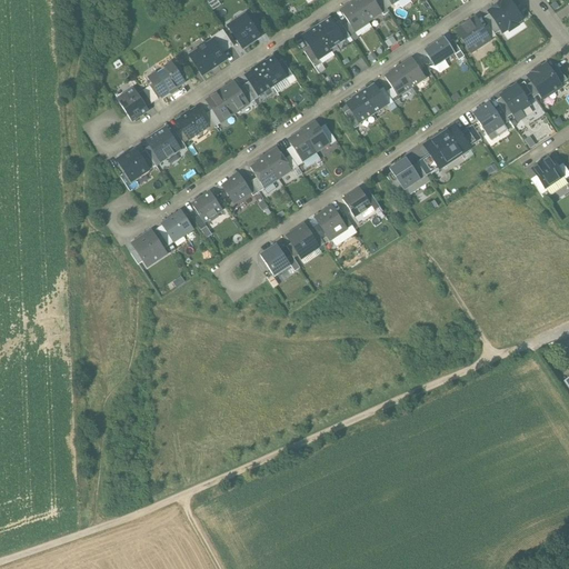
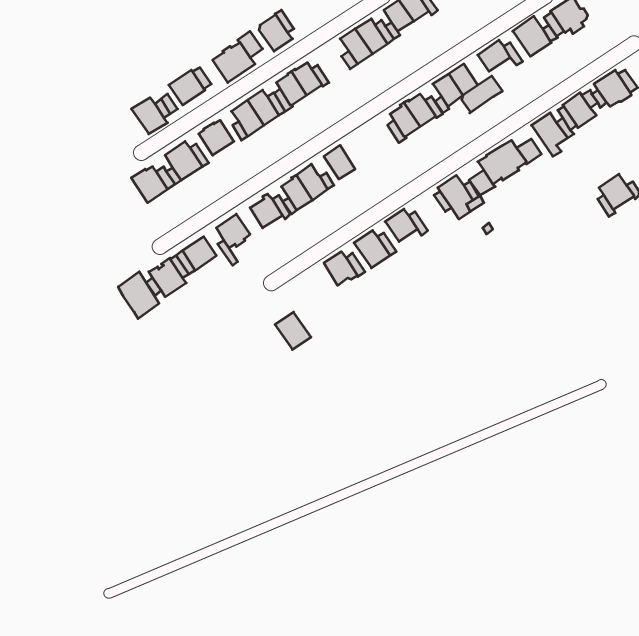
building: none -> [462,76,502,113]
building: [302,119,331,150] -> none
building: none -> [118,272,159,319]
building: [259,241,291,274] -> [275,312,311,350]

